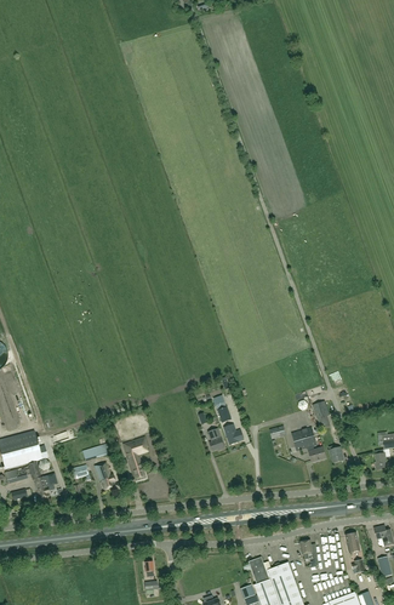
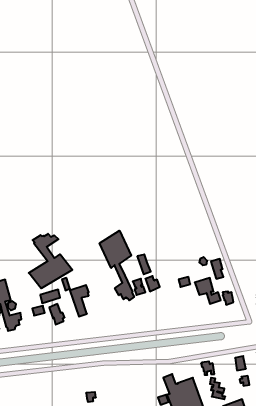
building: none -> [100,231,134,300]
building: none -> [29,234,72,288]

